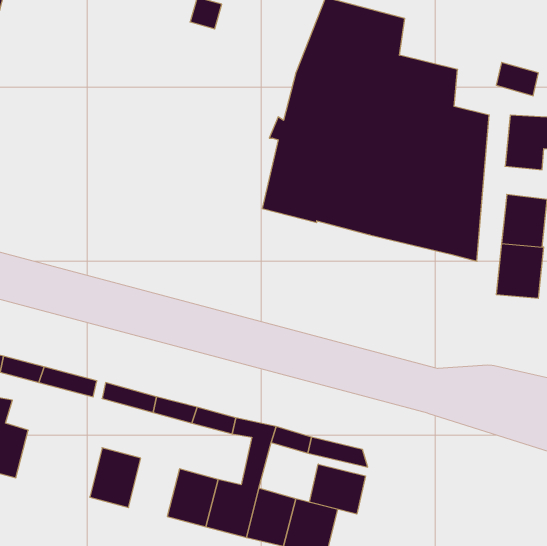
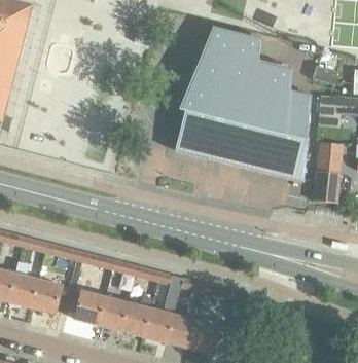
building: none -> [31,279,61,313]
building: none -> [97,295,127,329]
building: [310,464,365,514] -> none

